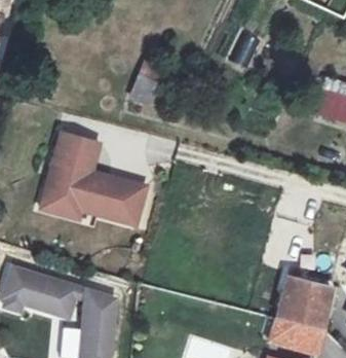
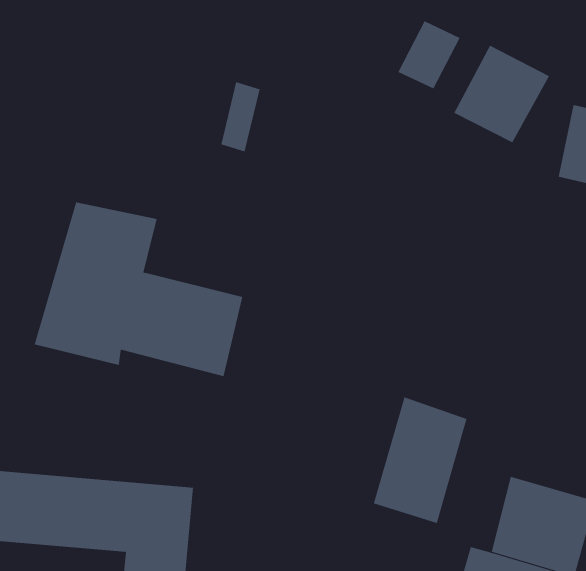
building: none -> [454,45,550,143]
building: none -> [373,397,467,524]

